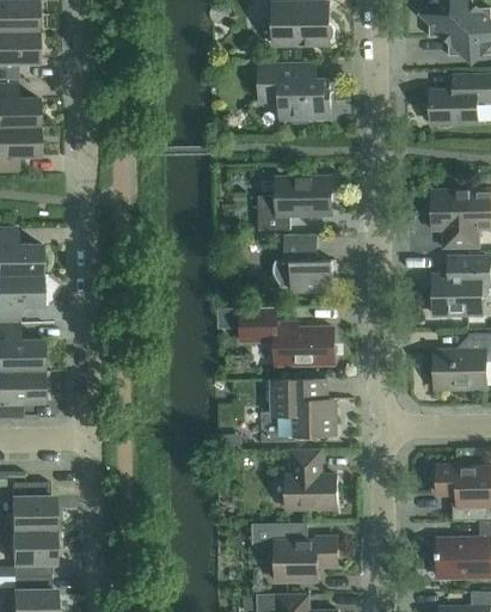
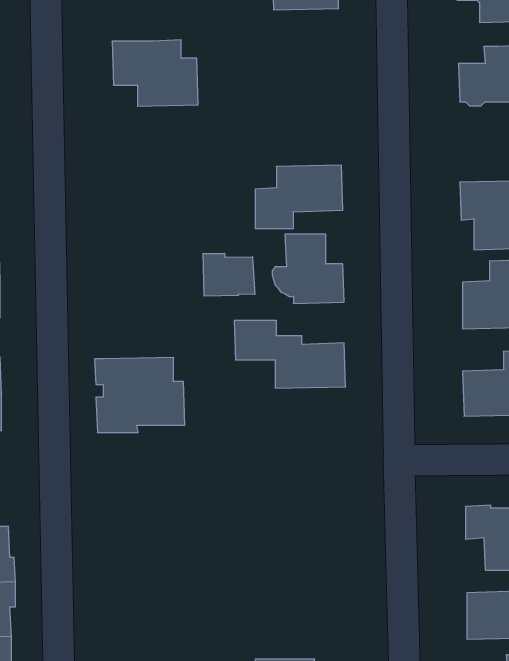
building: [258,63,331,120] -> [112,40,198,106]
building: none -> [203,253,255,296]
building: [259,379,336,442] -> [95,358,185,432]
building: [286,452,337,509] -> none
building: [252,524,337,581] -> none

